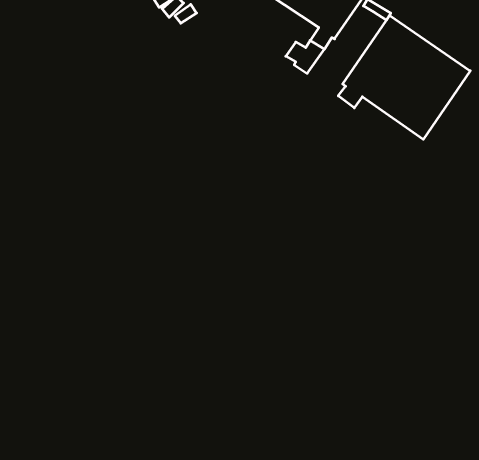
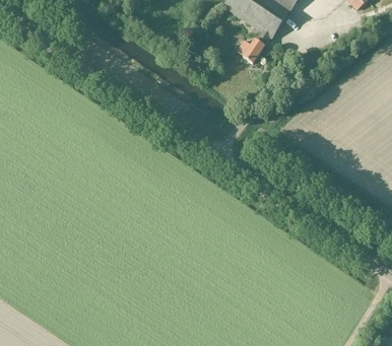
building: [338,15,470,139] -> none

